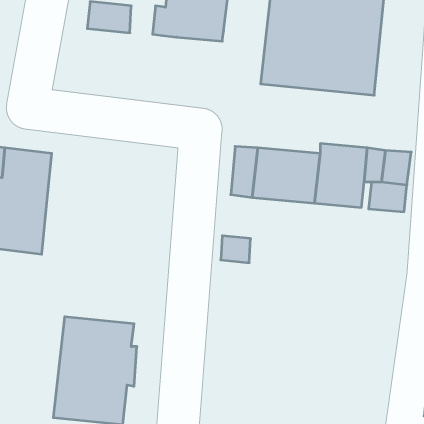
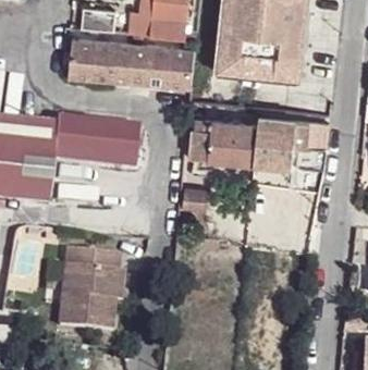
building: none -> [70,37,196,86]
building: none -> [51,118,137,164]

